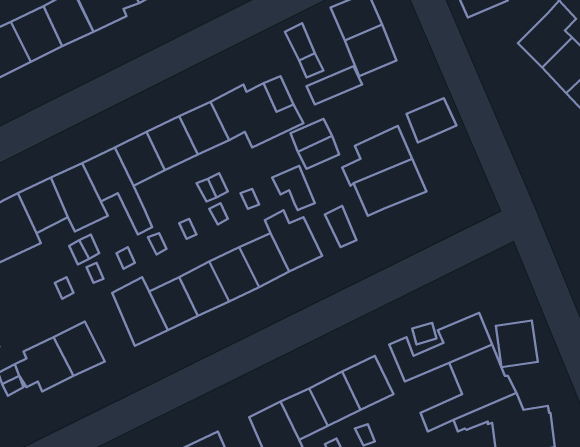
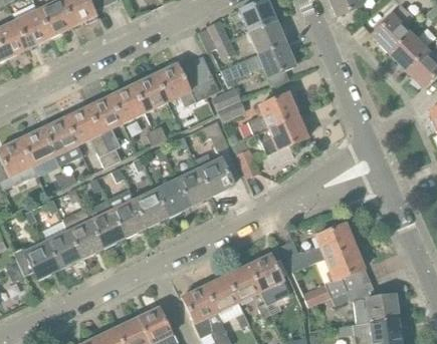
building: [407,98,457,143] -> [260,46,295,77]
building: none -> [63,208,102,258]
building: [496,321,538,367] -> none

